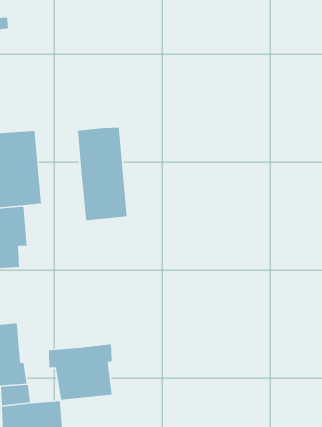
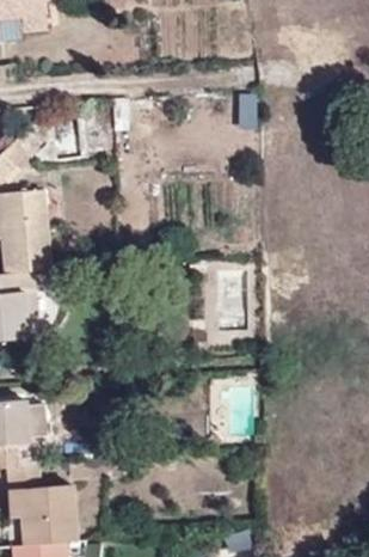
building: [77,127,127,221] -> none
building: [48,343,113,401] -> none

